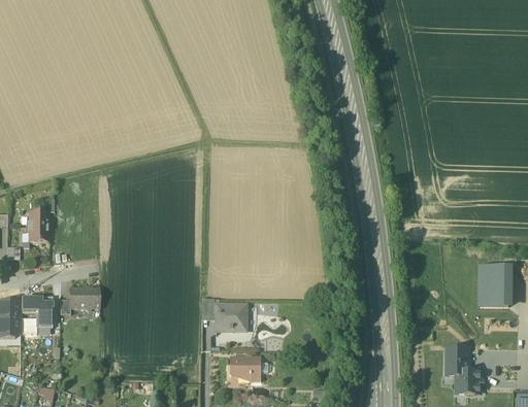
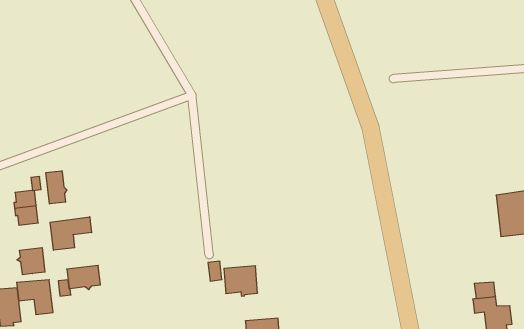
building: none -> [46,171,67,204]
building: none -> [50,217,92,250]
building: none -> [17,248,45,275]

